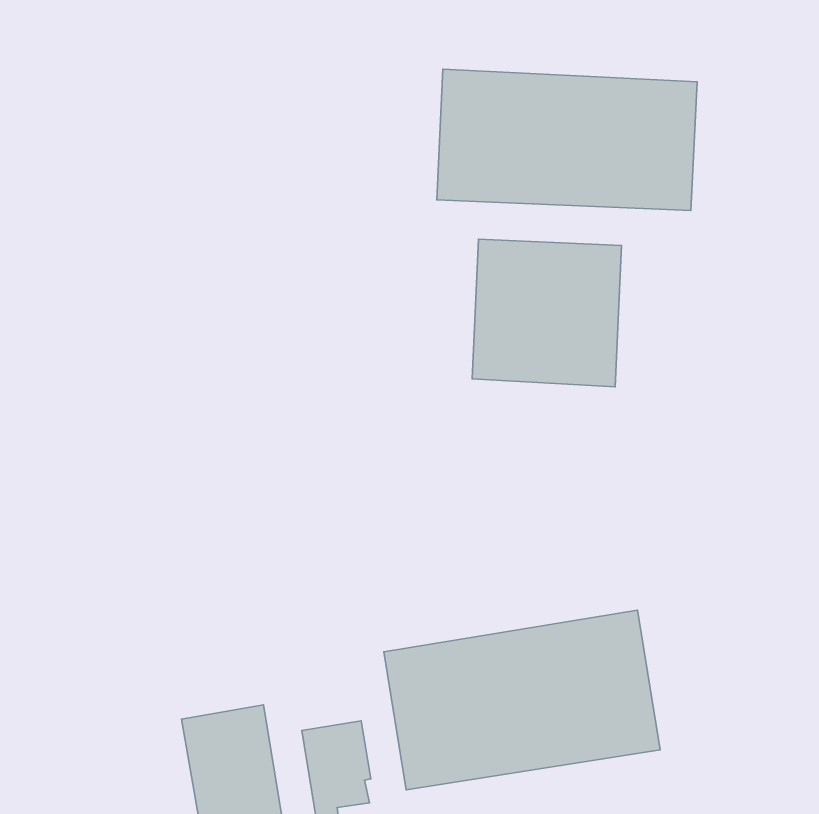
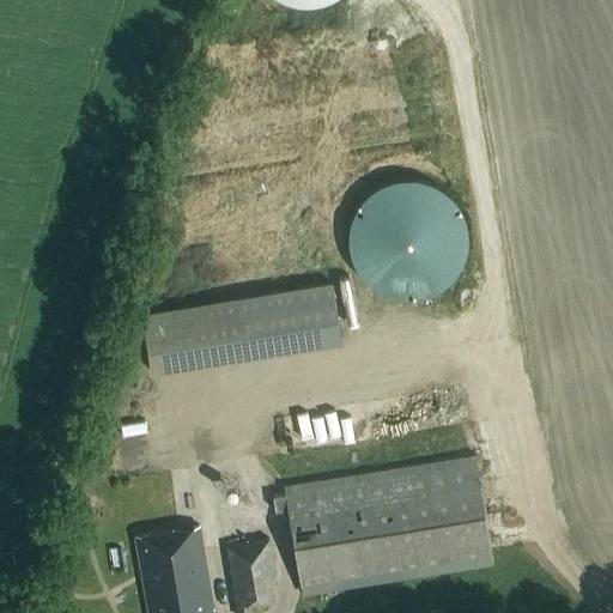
building: [437,69,697,211] -> none
building: none -> [142,286,345,375]

